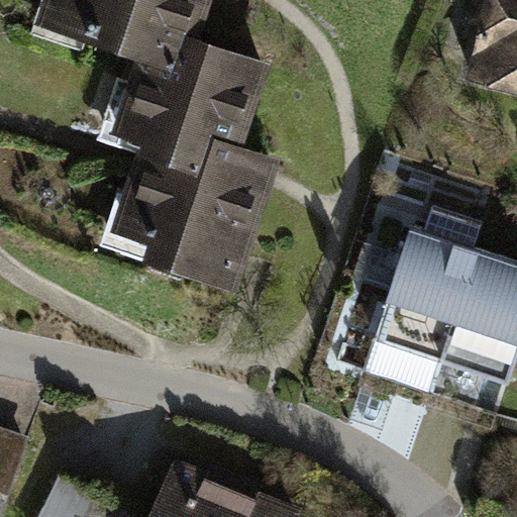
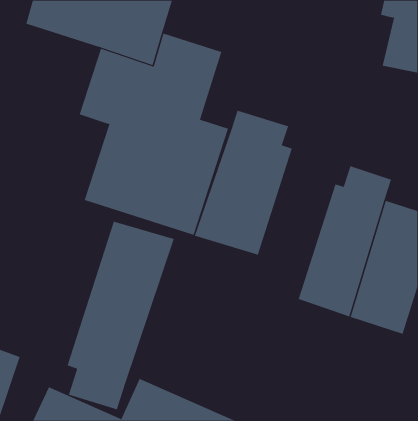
building: none -> [194,110,293,255]
building: none -> [67,221,175,410]

